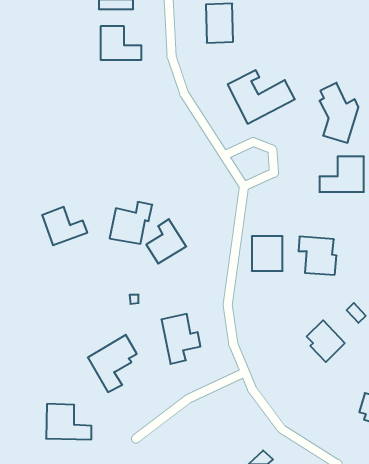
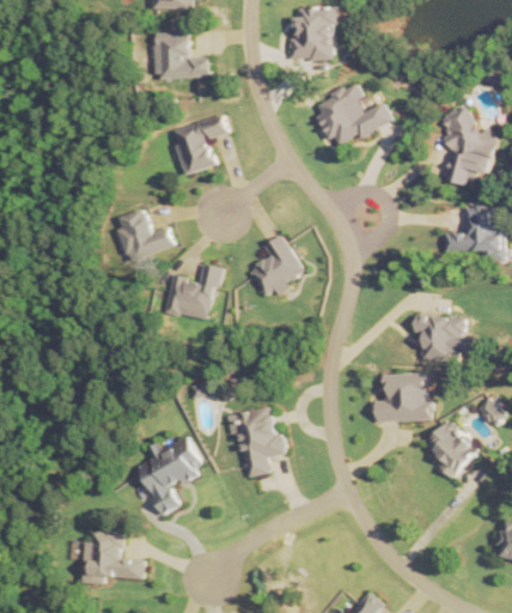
building: none -> [175,117,227,176]
building: [42,207,87,245] -> [114,210,173,260]
building: [146,219,186,264] -> [251,238,304,297]
building: [252,236,283,271] -> [383,369,423,414]

